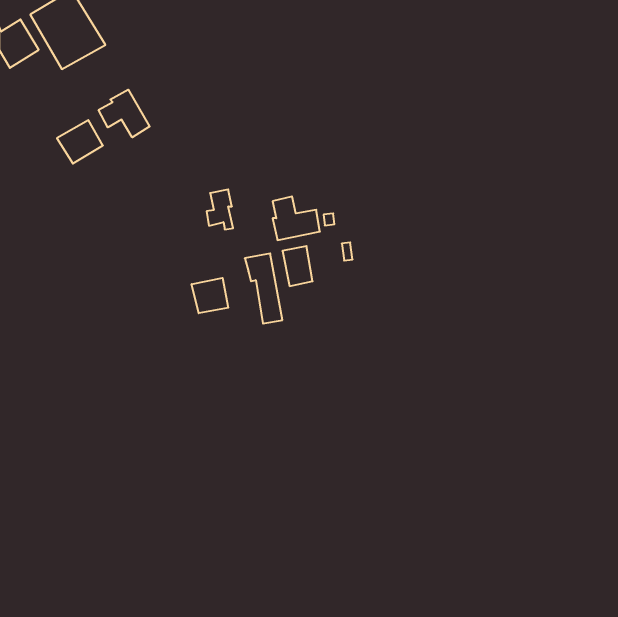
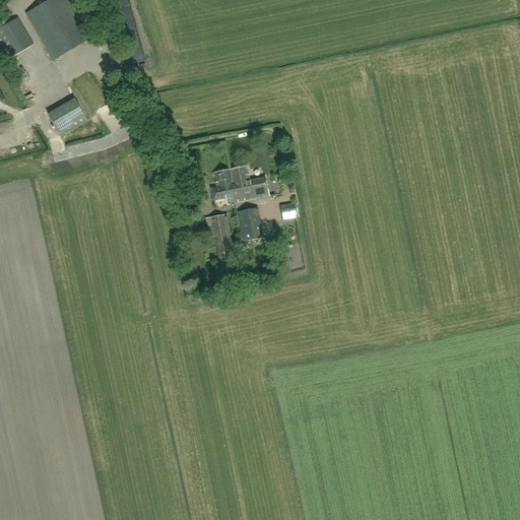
building: [99,90,150,137] -> none
building: [207,189,233,229] -> [210,169,233,202]
building: [192,278,228,313] -> none

